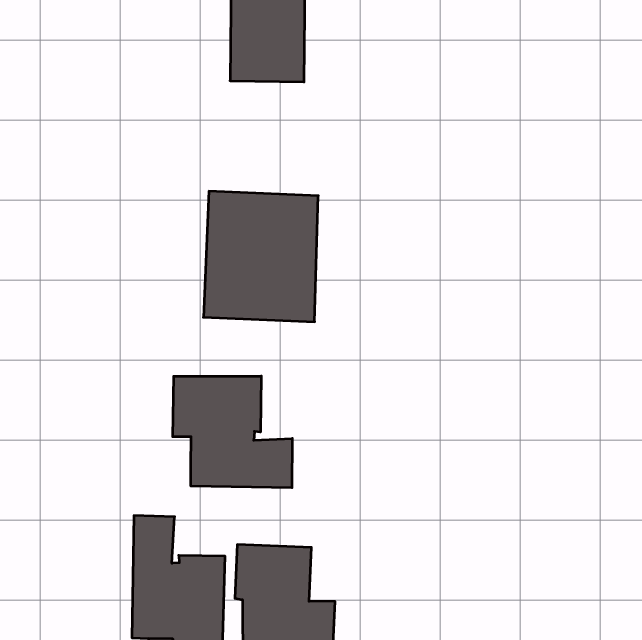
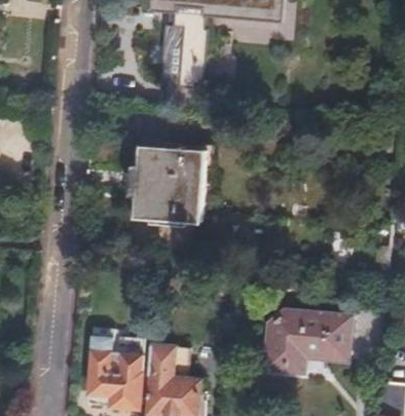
building: [173,376,292,488] -> none
building: none -> [266,313,352,372]

